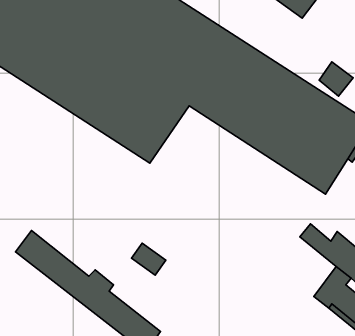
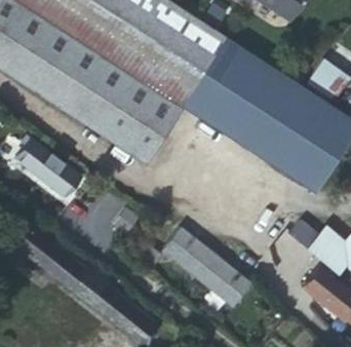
building: none -> [17,140,83,198]
building: none -> [163,229,251,307]

